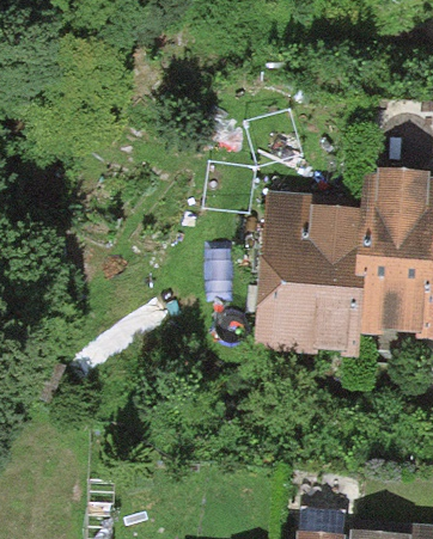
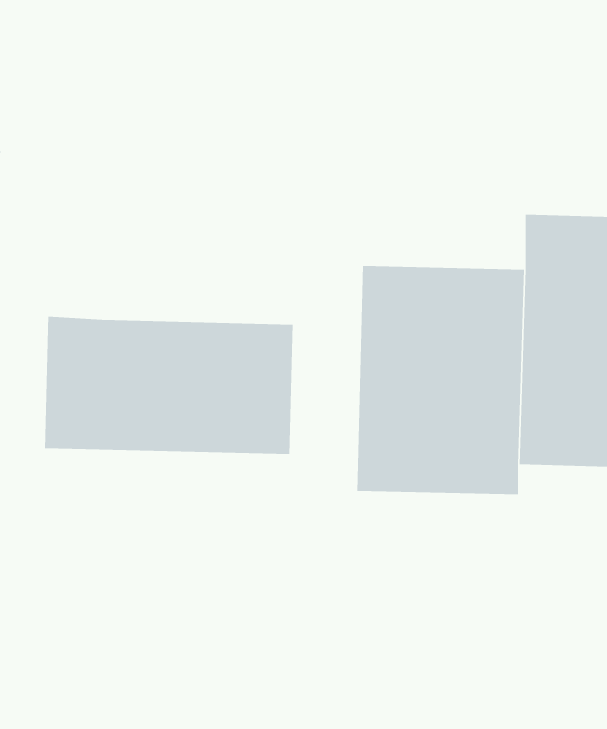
building: none -> [45,316,293,455]

